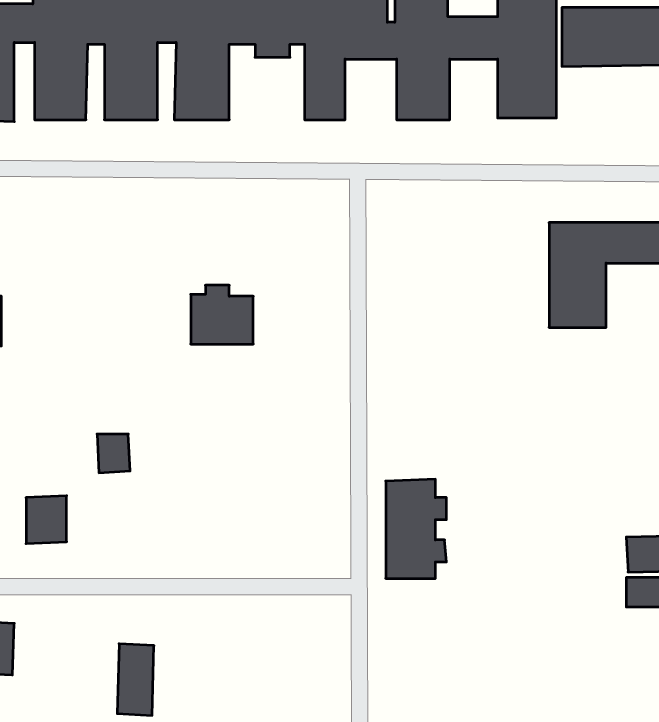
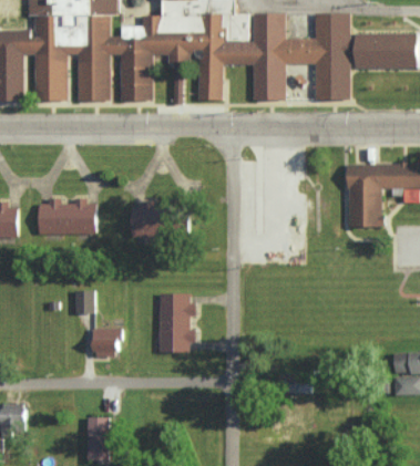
building: none -> [37,197,94,234]
building: [386,479,446,578] -> [157,292,194,352]
building: [26,496,67,544] -> [92,328,116,356]

